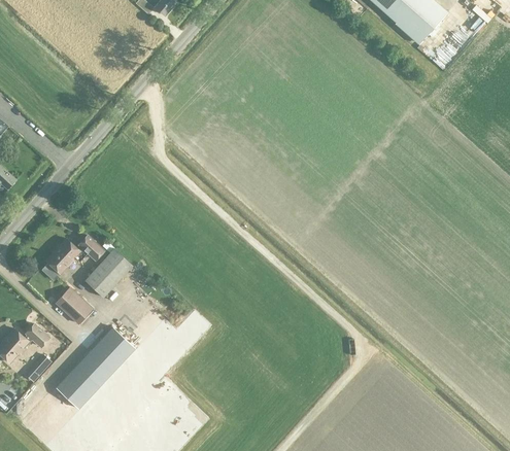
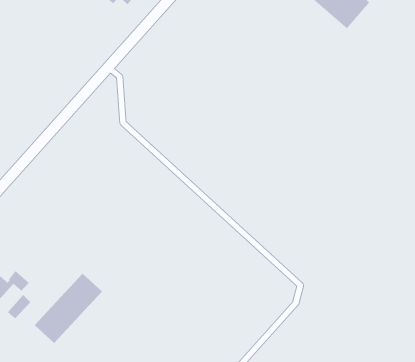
building: [45,235,104,274] -> none
building: [83,248,132,298] -> none
building: [55,286,91,322] -> none

